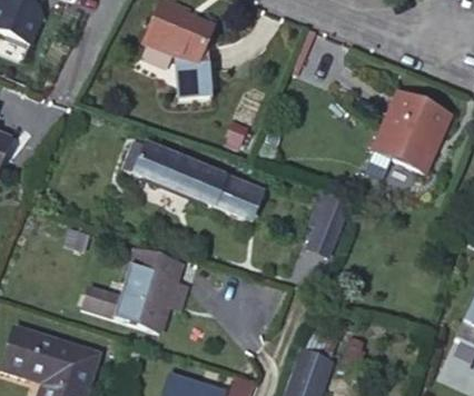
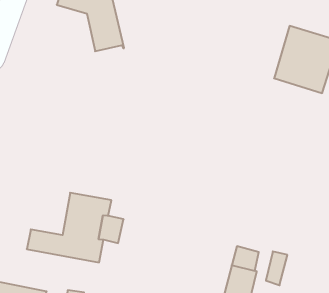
building: [132,145,266,222] -> none
building: [308,189,352,257] -> none

